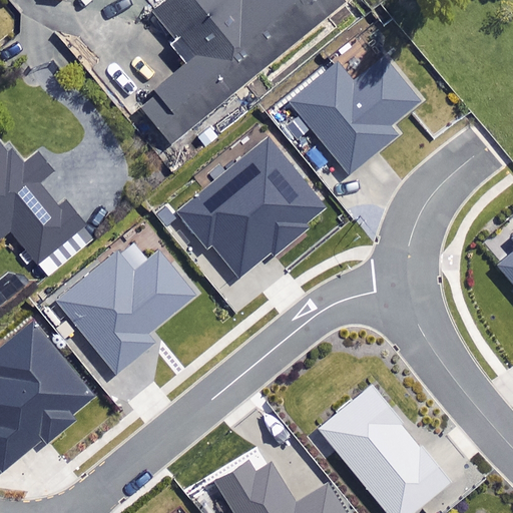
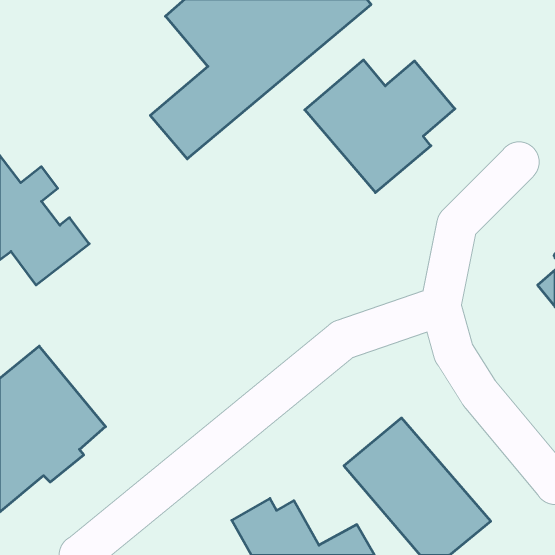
building: [173,135,323,277] -> none
building: [55,241,199,374] -> none

